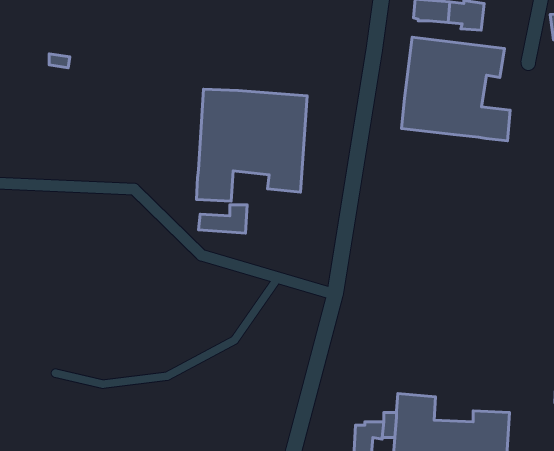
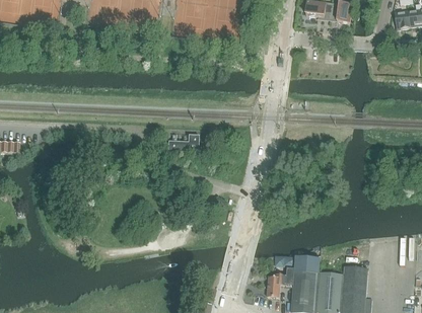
building: [402,37,510,141] -> none
building: [197,89,307,201] -> none

